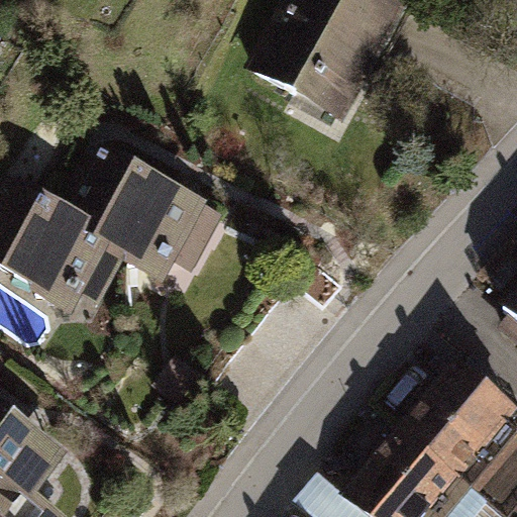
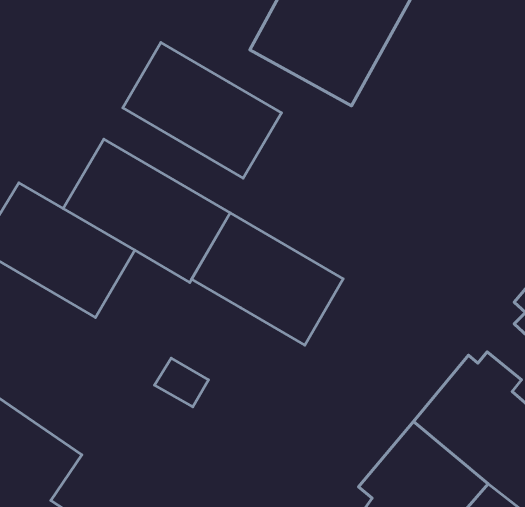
building: none -> [123,42,281,178]
building: none -> [191,213,343,345]

